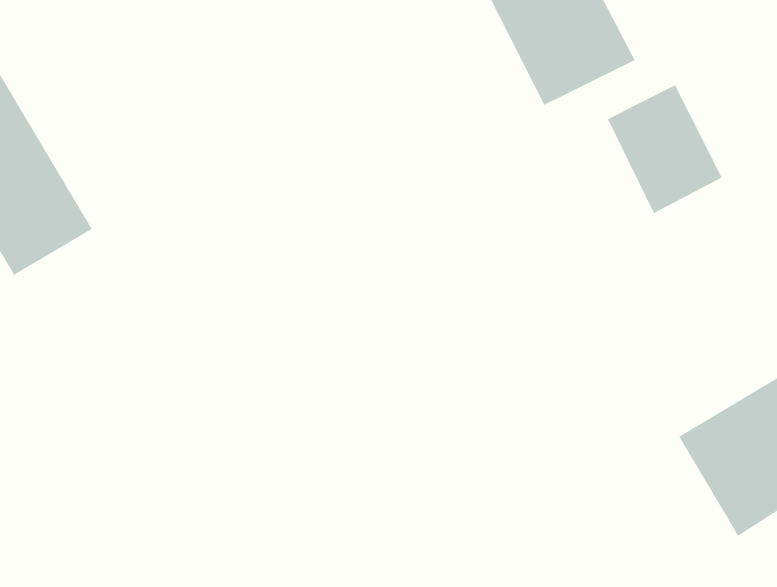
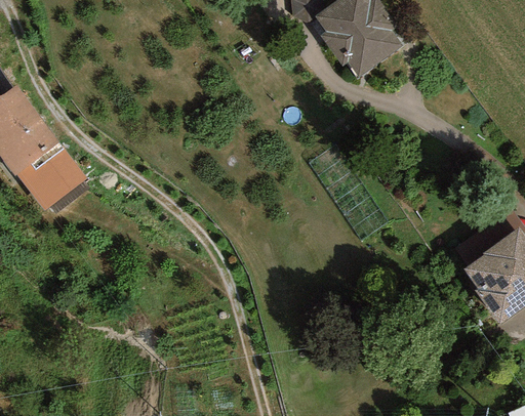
building: [607,84,723,214] -> none

